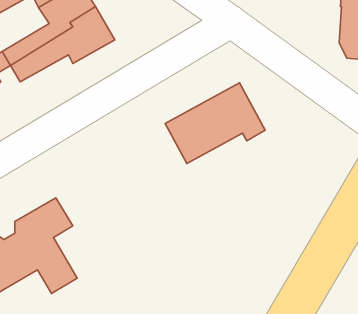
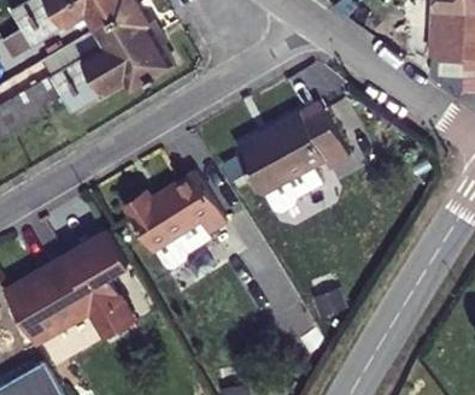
building: none -> [122,171,222,270]

